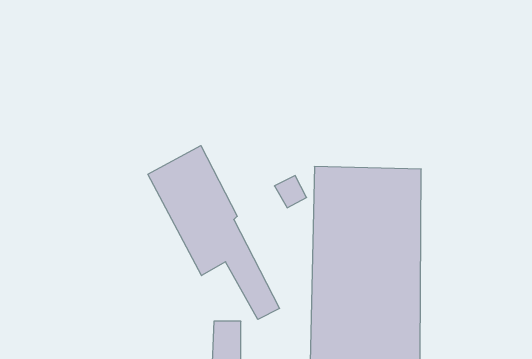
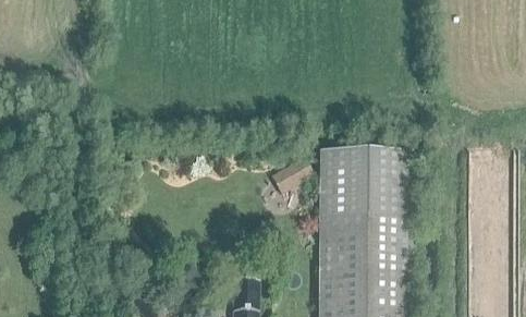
building: [148,146,280,319] -> none

